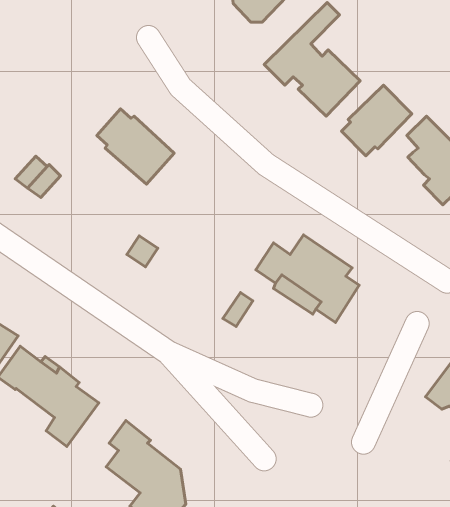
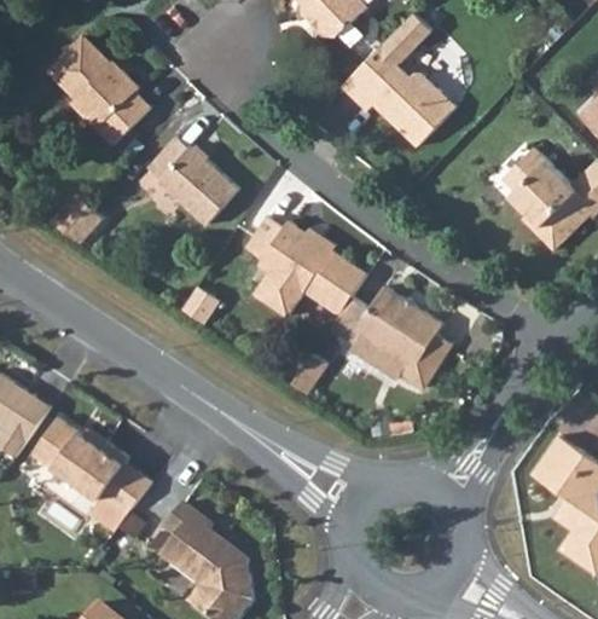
building: none -> [47,34,149,144]
building: [342,85,412,156] -> none
building: none -> [244,214,368,316]

